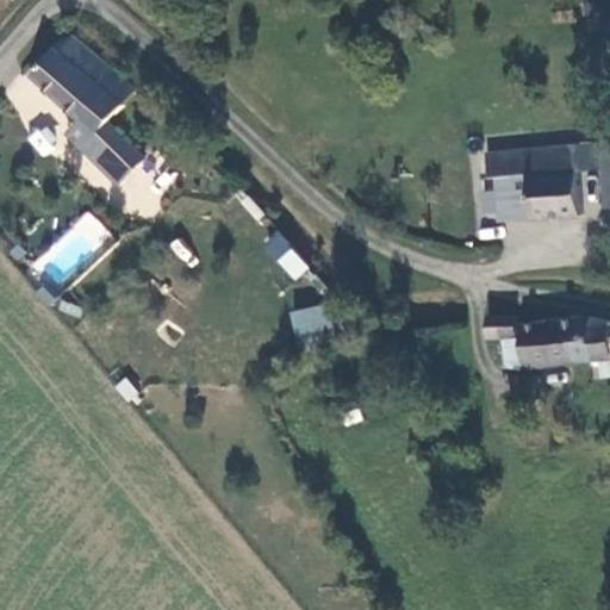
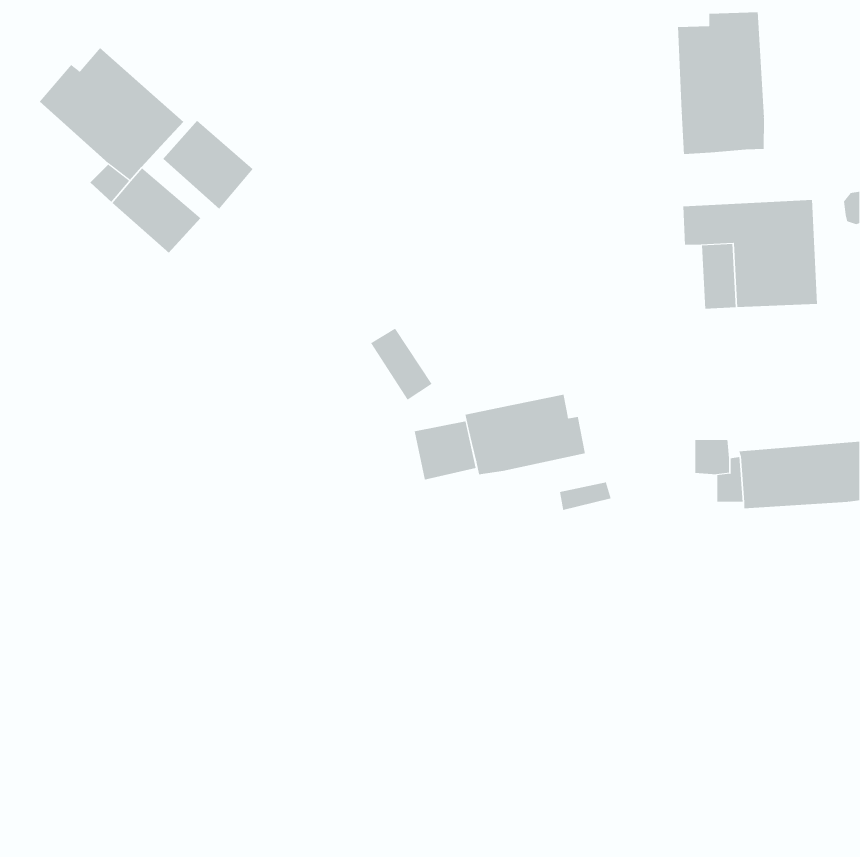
building: none -> [677,11,764,155]
building: none -> [163,120,253,209]
building: none -> [465,394,585,475]

